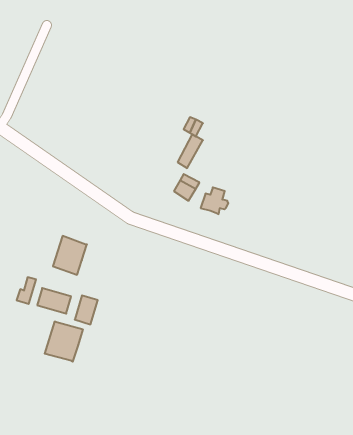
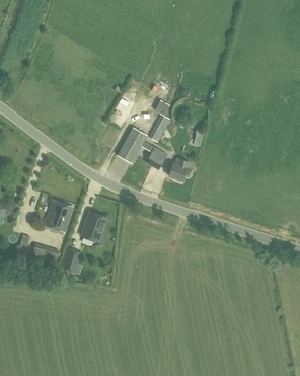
building: none -> [118,128,147,163]
building: none -> [81,211,106,241]
building: [45,321,83,362] -> none

